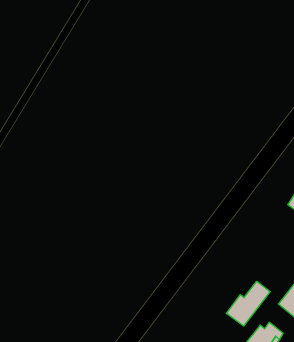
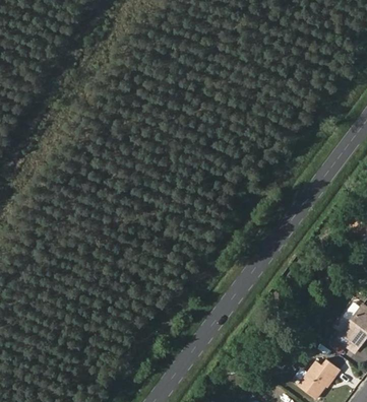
building: [226,281,270,326] -> none

